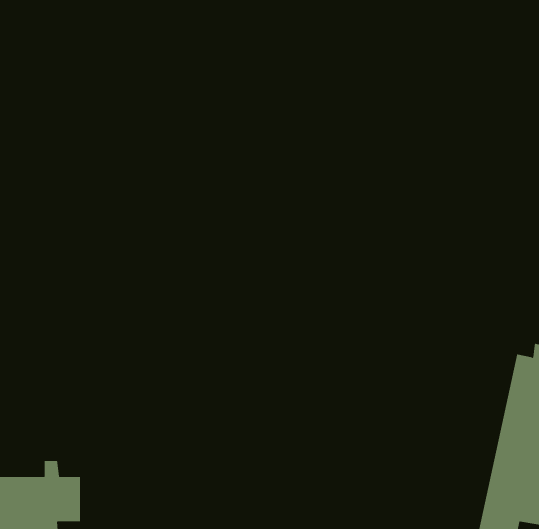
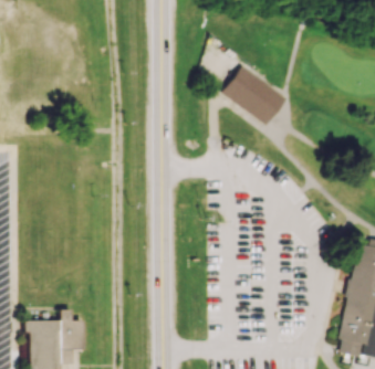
building: none -> [223,65,287,124]

